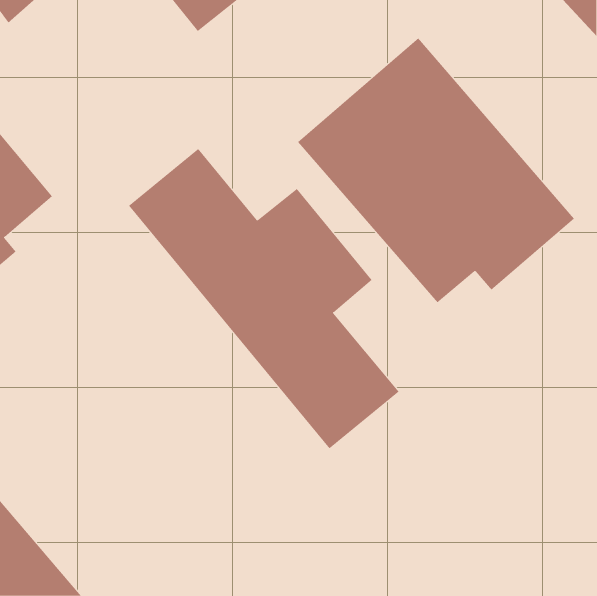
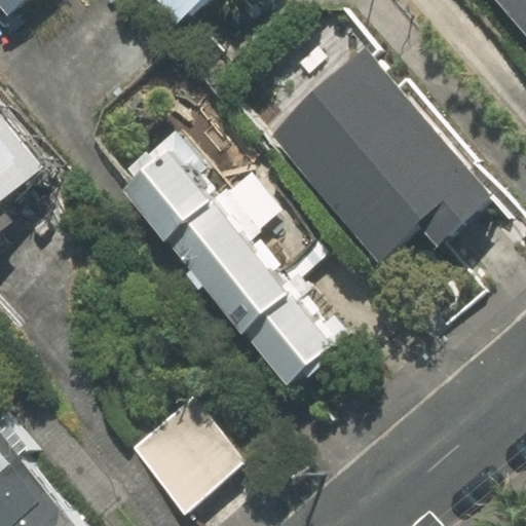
building: none -> [120,381,251,514]

